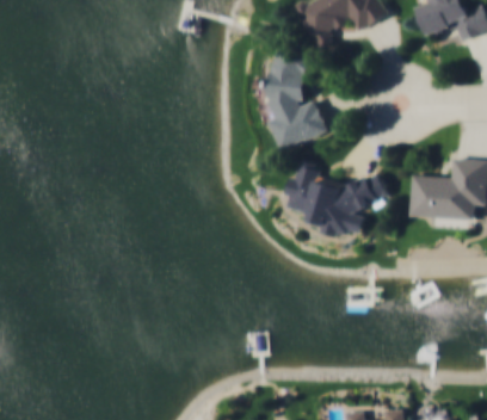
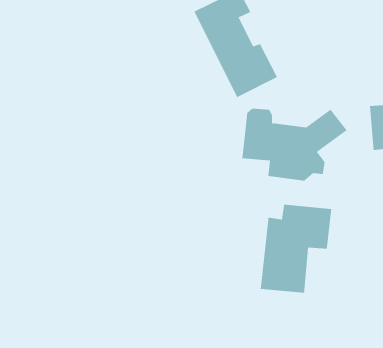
building: none -> [260,204,332,293]

